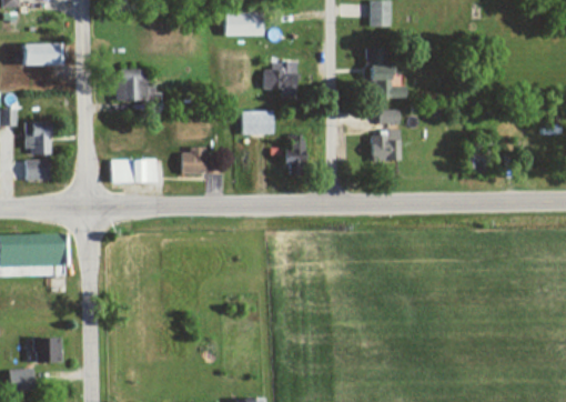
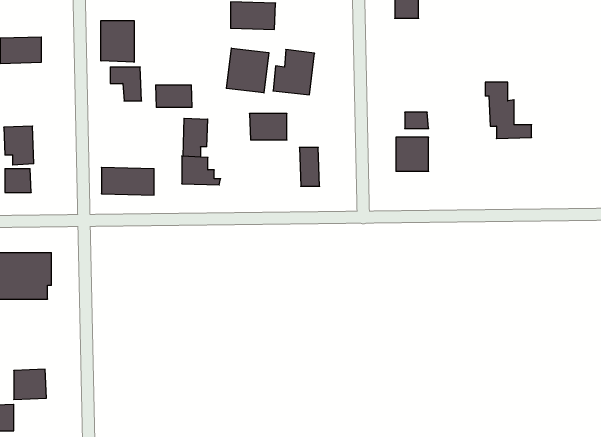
building: none -> [101,21,134,62]
building: [366,49,407,99] -> [485,82,532,139]
building: none -> [226,48,269,93]
building: none -> [156,85,192,107]
building: none -> [183,118,208,157]

